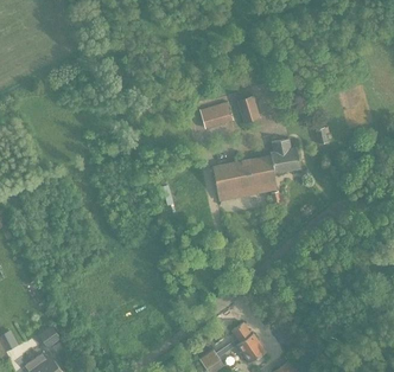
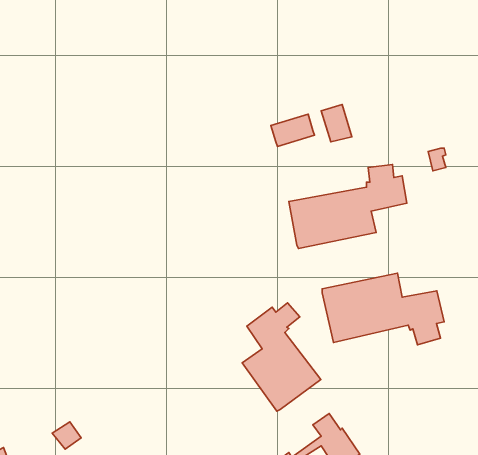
building: none -> [322,273,444,345]
building: none -> [242,303,321,411]

